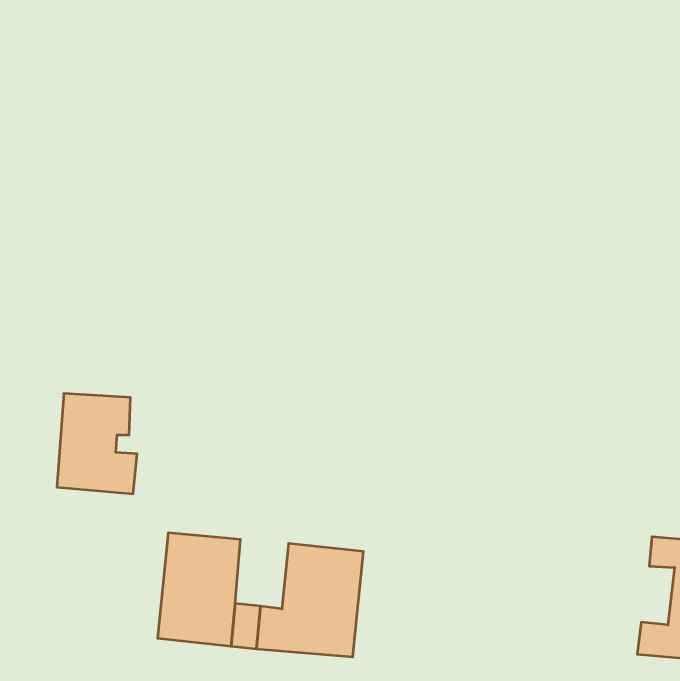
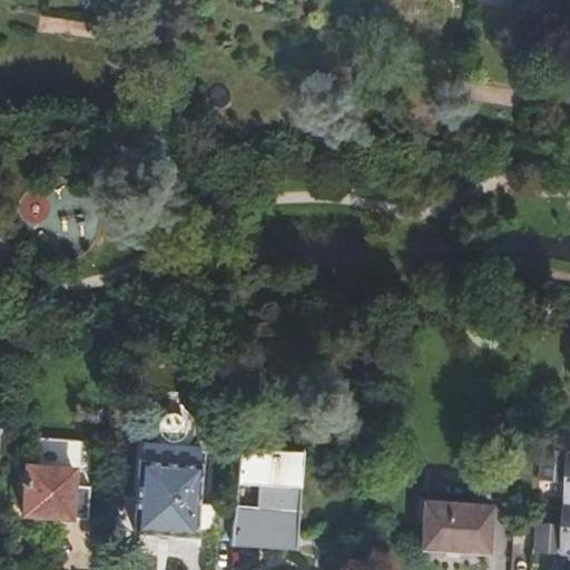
building: [57,394,137,494] -> [27,436,94,520]
building: none -> [423,504,494,557]

